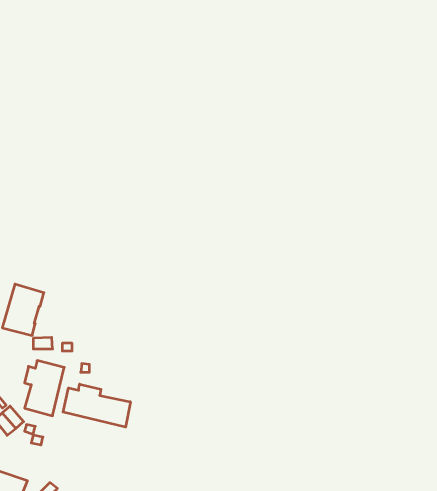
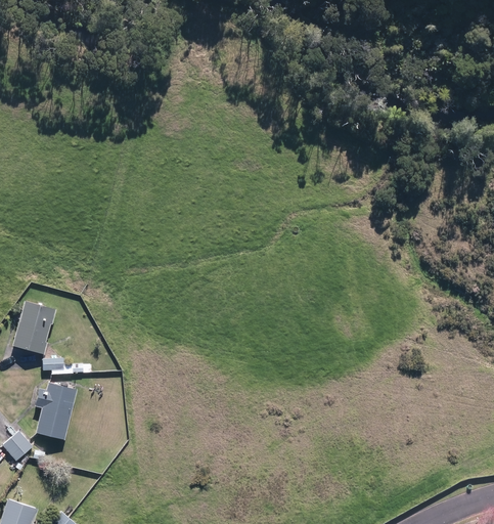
building: [63,384,130,427] -> none

